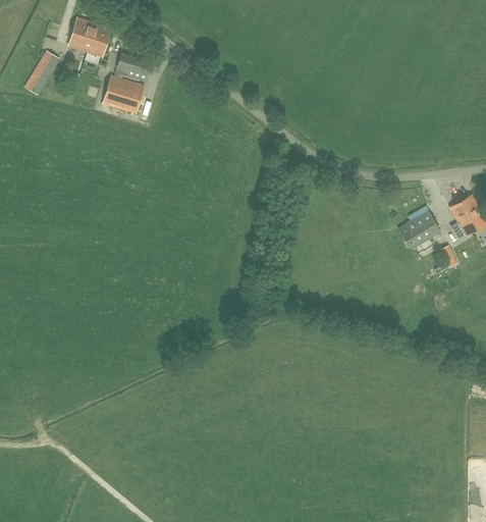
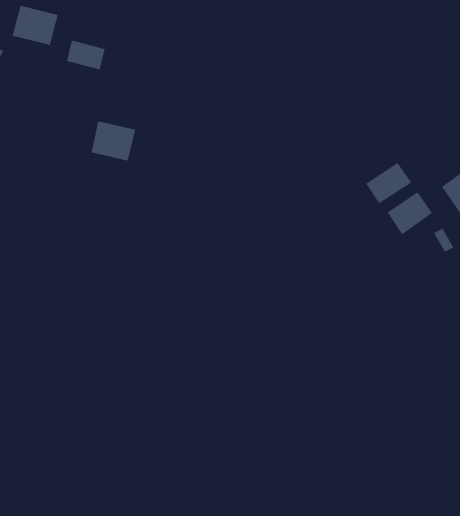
building: [102,74,145,113] -> [91,121,136,161]
building: none -> [366,162,412,204]

